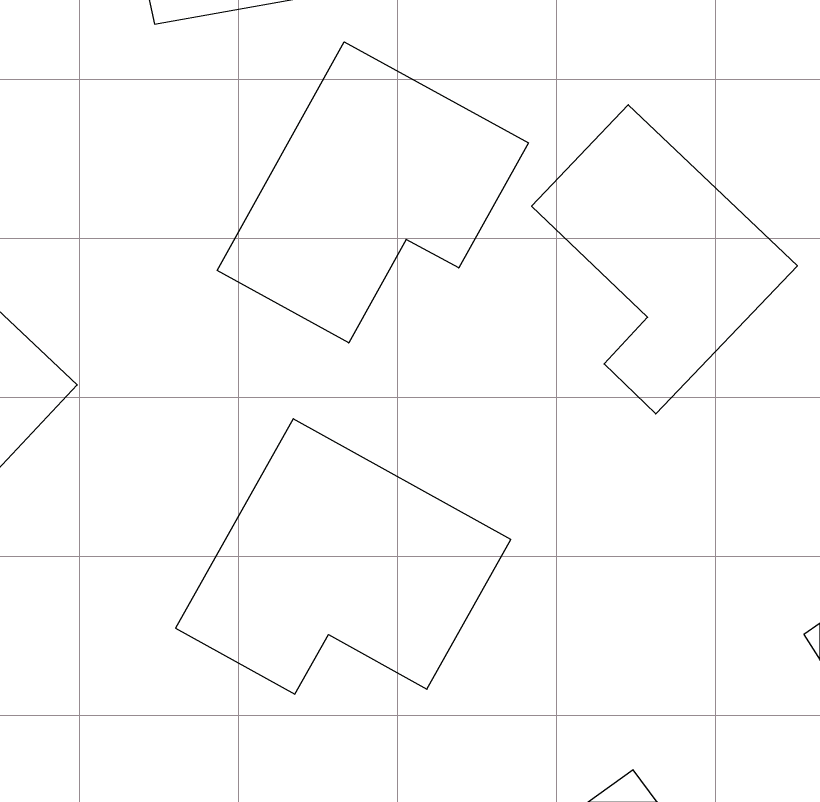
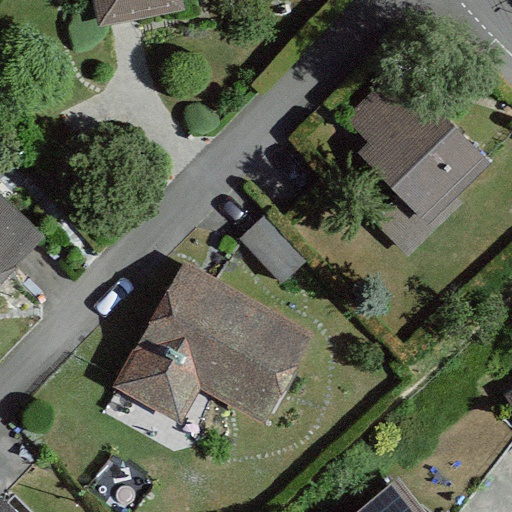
building: [217,42,528,343] -> none

